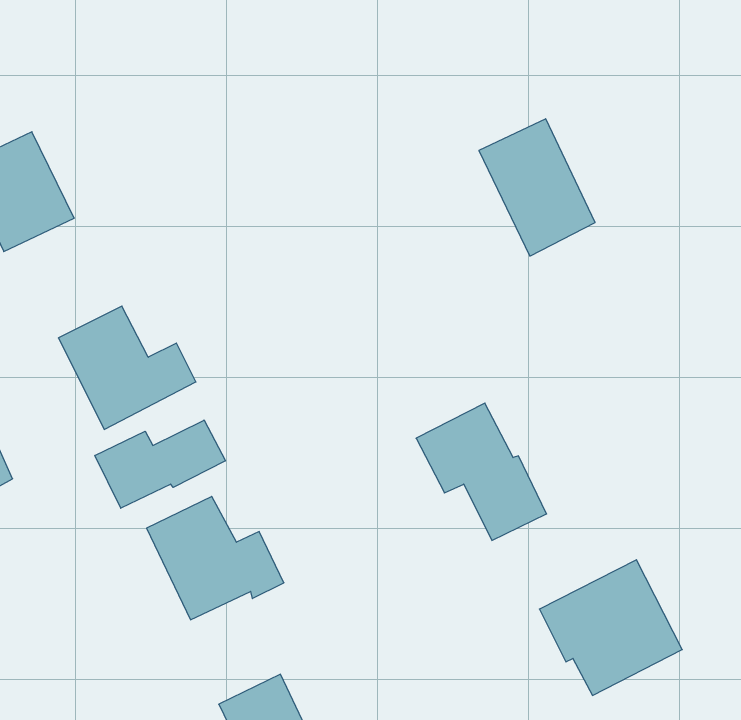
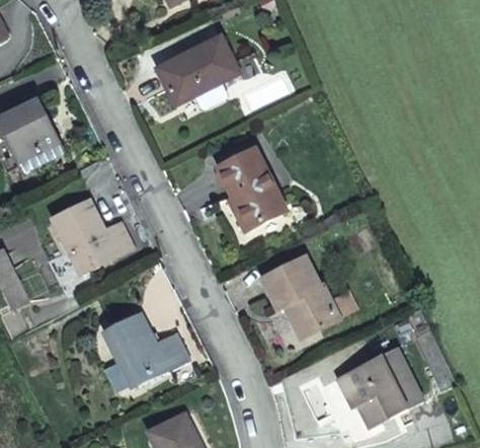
building: none -> [158,36,238,104]
building: [479,119,595,256] -> [219,150,286,229]
building: [95,420,225,508] -> none

